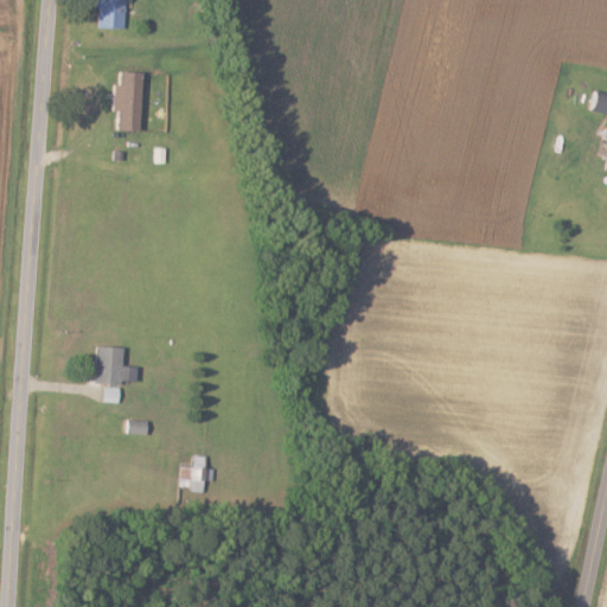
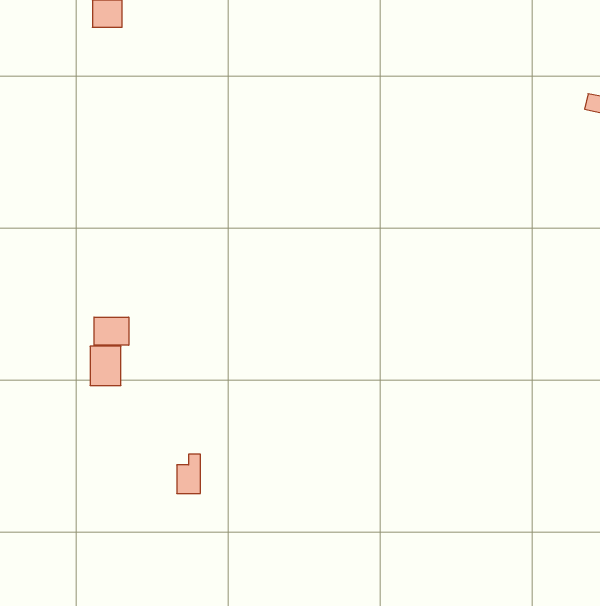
building: [115,71,142,129] -> none
building: none -> [94,317,129,345]

